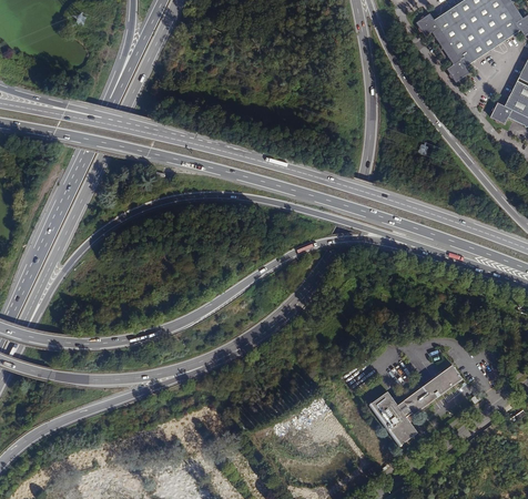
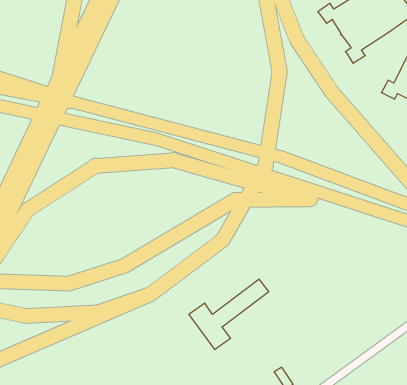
building: [369,363,463,445] -> [189,279,269,350]

